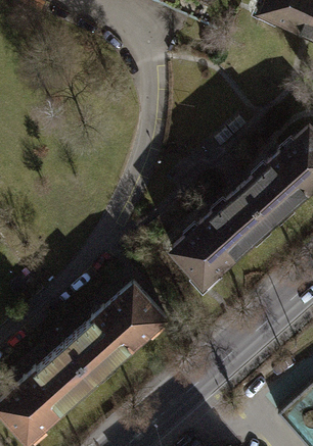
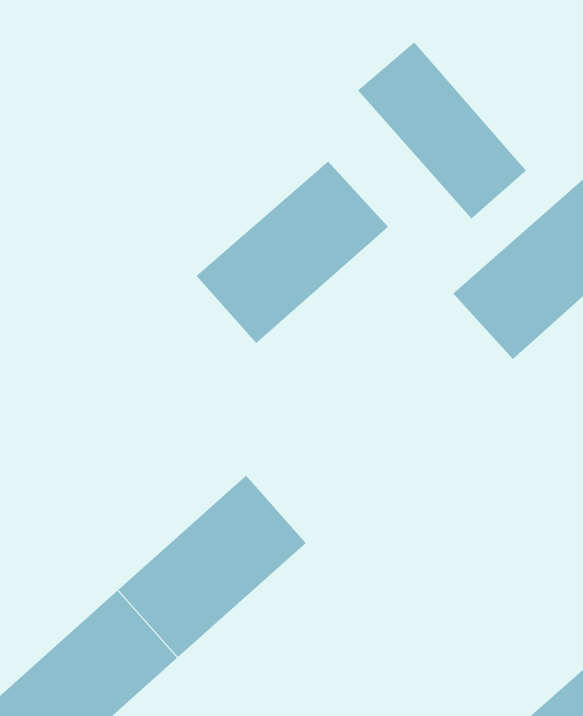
building: none -> [357,42,527,220]
building: [170,193,271,289] -> [196,161,389,344]

